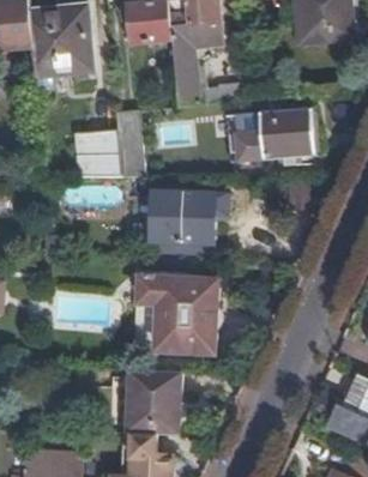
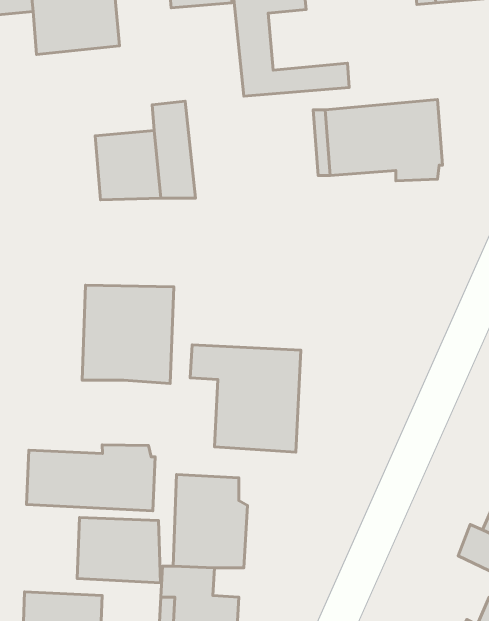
building: [151,192,215,260] -> [82,285,174,384]
building: none -> [27,445,155,511]
building: none -> [77,518,160,583]

